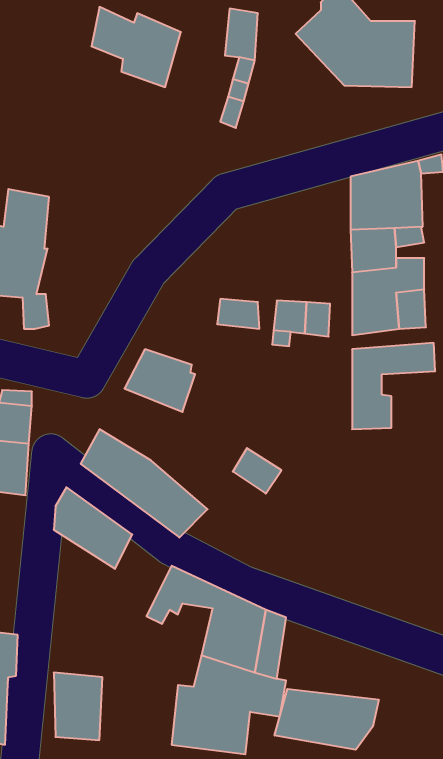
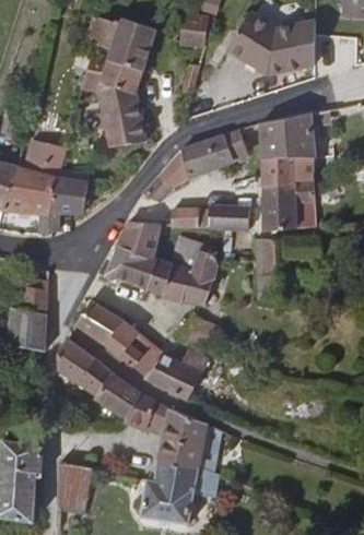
building: none -> [79,47,142,143]
building: none -> [146,131,251,204]
building: none -> [48,175,83,207]
building: none -> [124,225,174,257]
building: none -> [150,236,222,306]
building: none -> [148,355,213,400]
building: none -> [101,374,142,420]
building: [275,689,379,750] -> none

